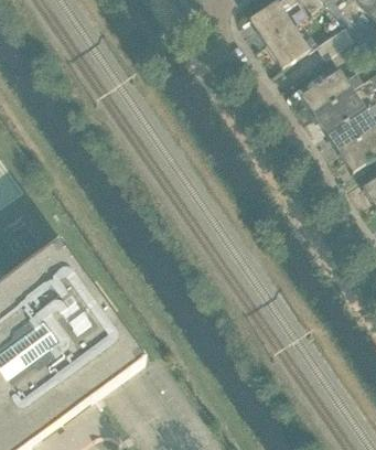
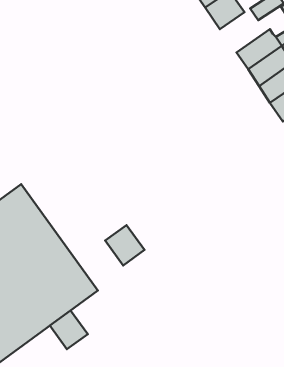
building: none -> [105,225,144,265]
building: none -> [50,311,88,349]

